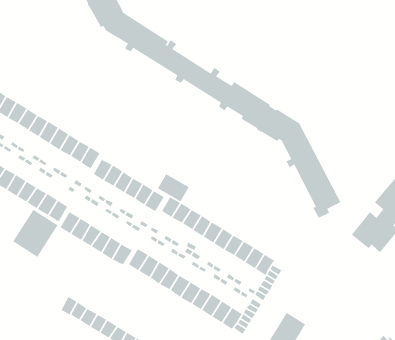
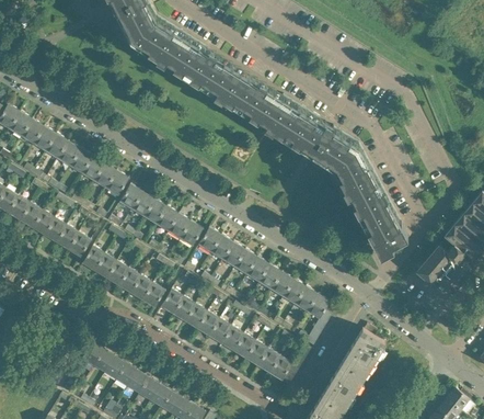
building: [157,173,190,203] -> none
building: [12,209,59,258] -> none
building: none -> [343,325,385,375]

